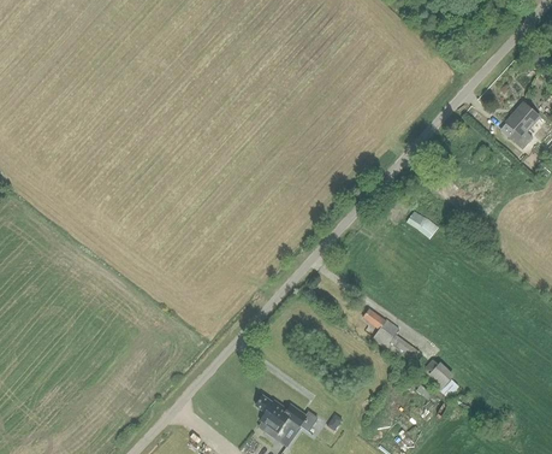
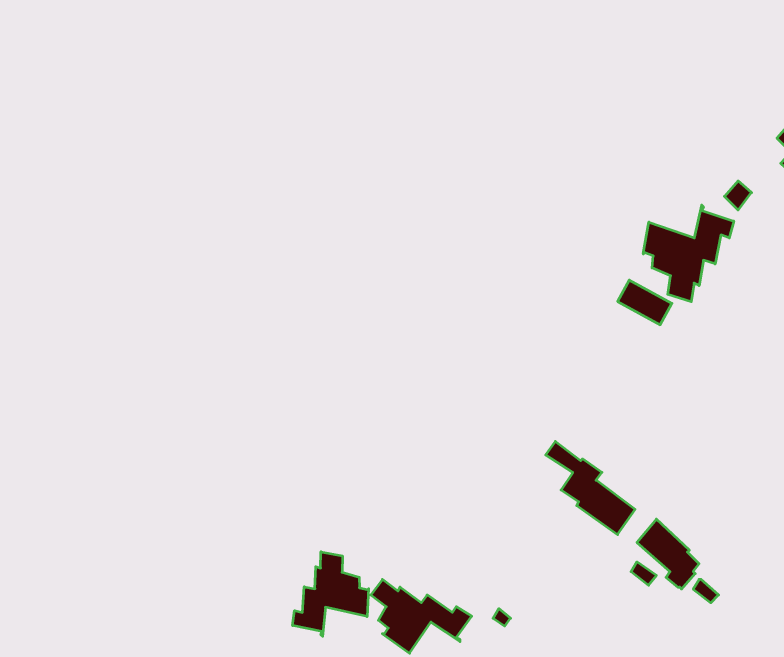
building: none -> [643,205,734,302]
building: none -> [293,552,369,636]

